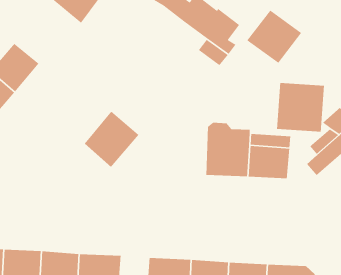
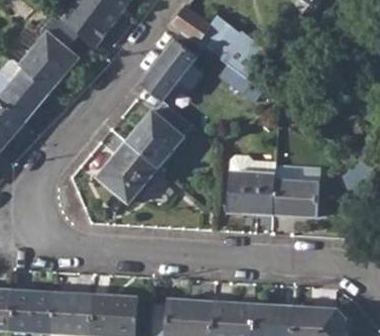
building: none -> [140,29,204,101]
building: none -> [17,30,78,91]
building: [246,9,302,64] -> none
building: none -> [126,110,182,167]
building: [276,82,325,133] -> none

